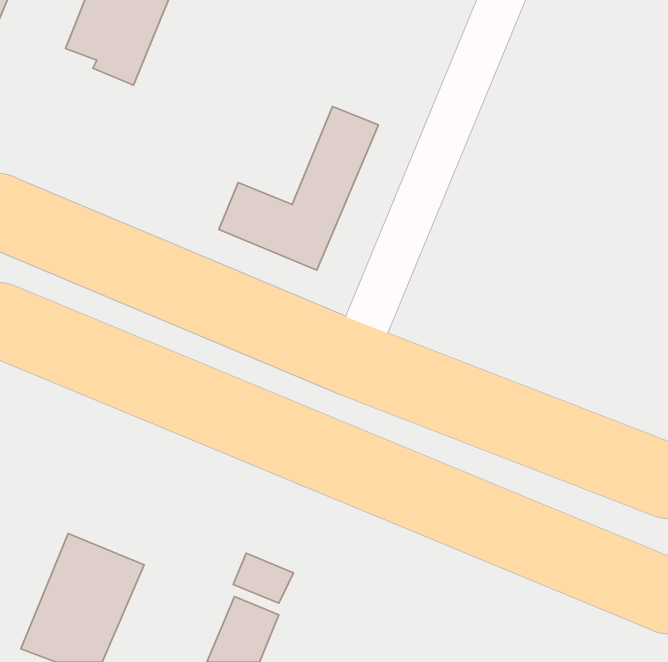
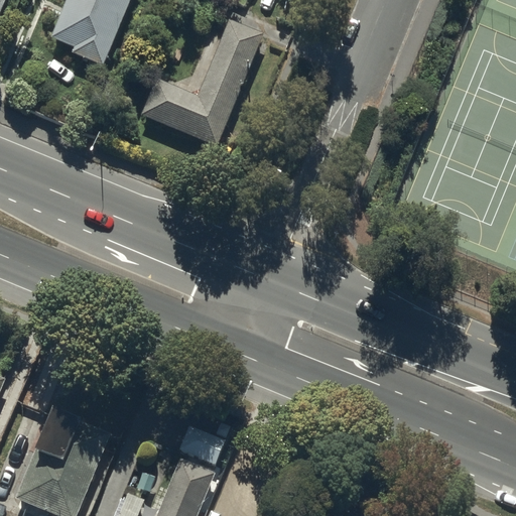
building: [219,106,378,270] -> [141,19,264,145]

